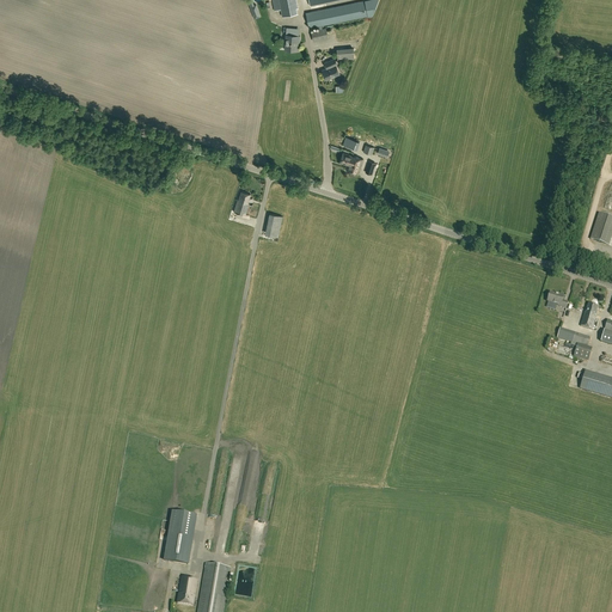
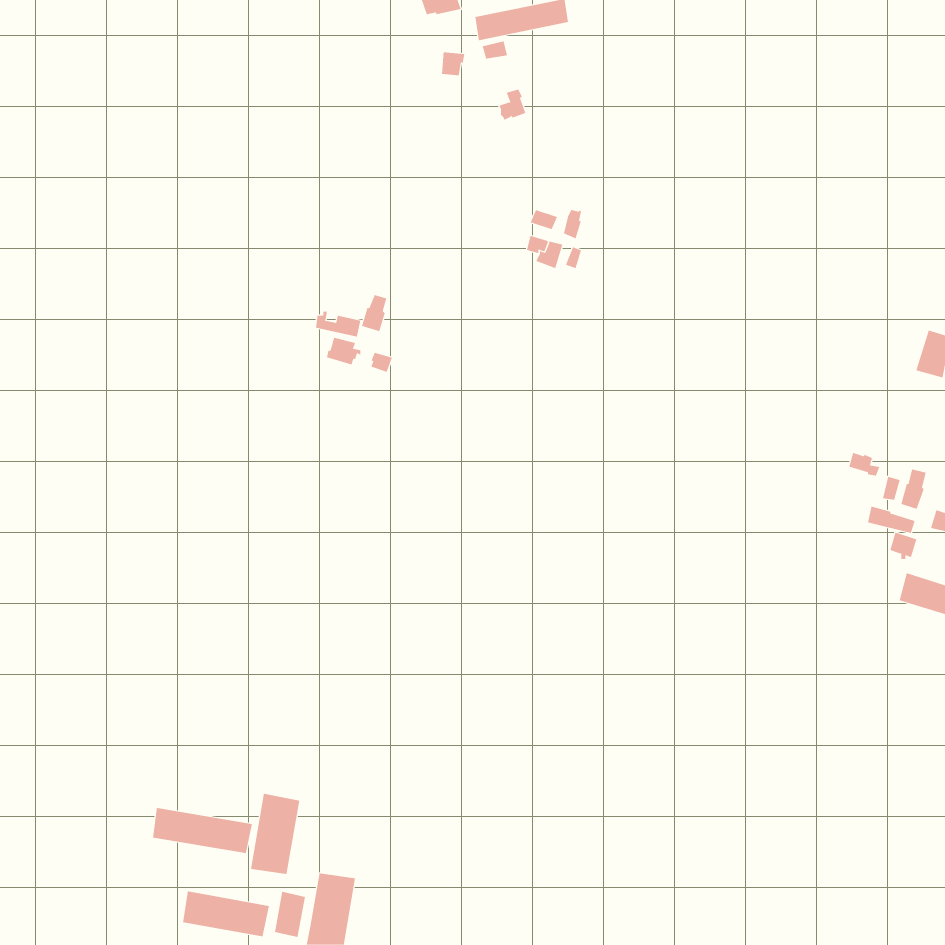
building: none -> [153,807,252,854]
building: none -> [183,891,269,937]

